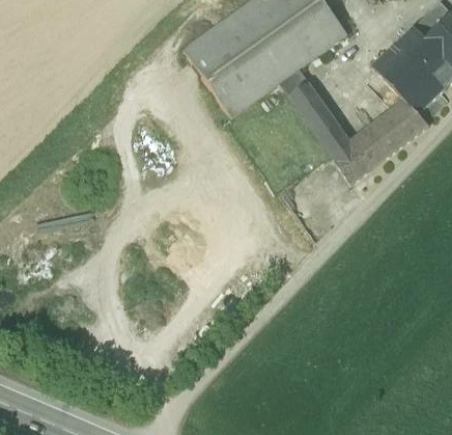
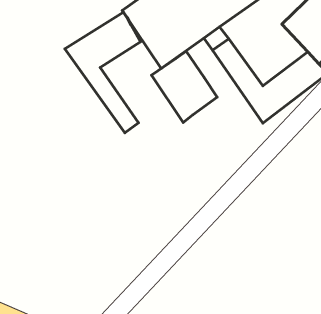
building: none -> [65,12,140,133]
building: none -> [151,51,217,123]

